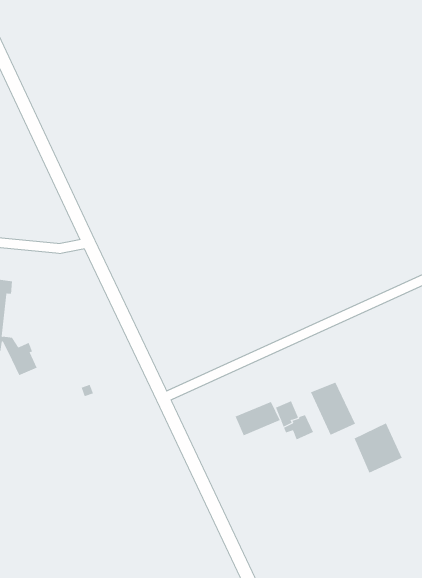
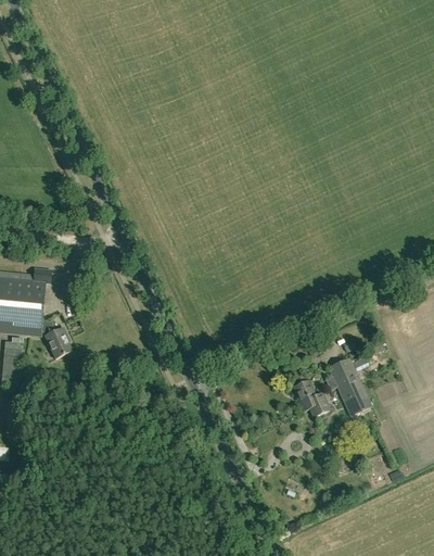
building: [235,401,280,436] -> none
building: [354,422,403,473] -> none

